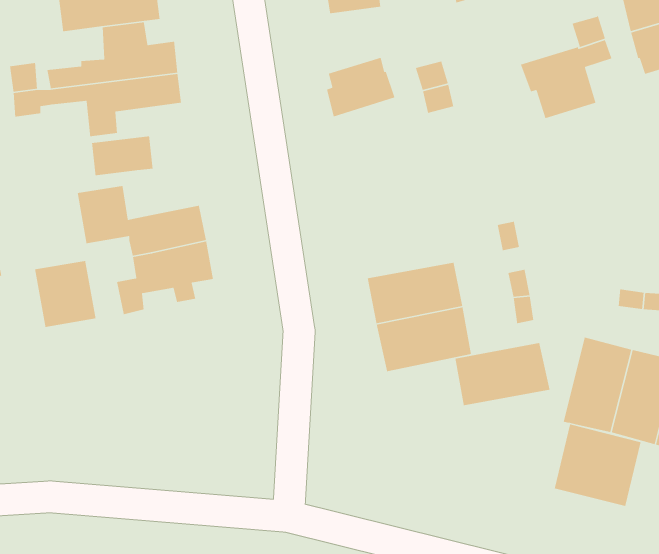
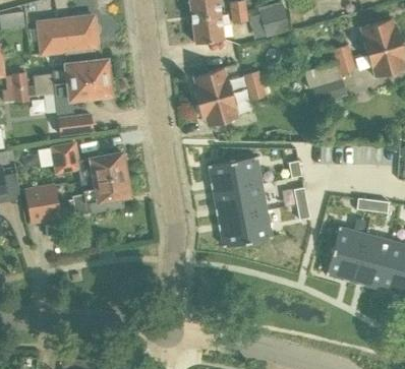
building: none -> [196,91,238,126]
building: [454,342,550,406] -> [211,158,266,194]
building: [554,424,642,507] -> none

